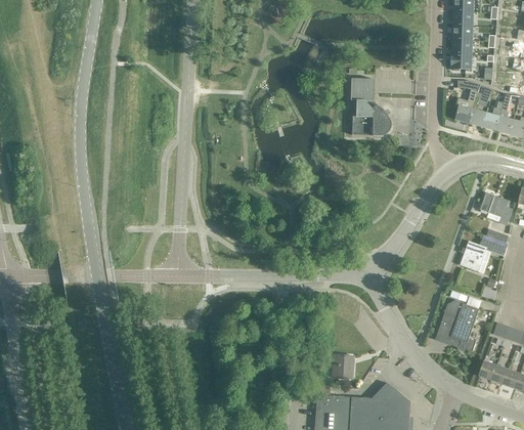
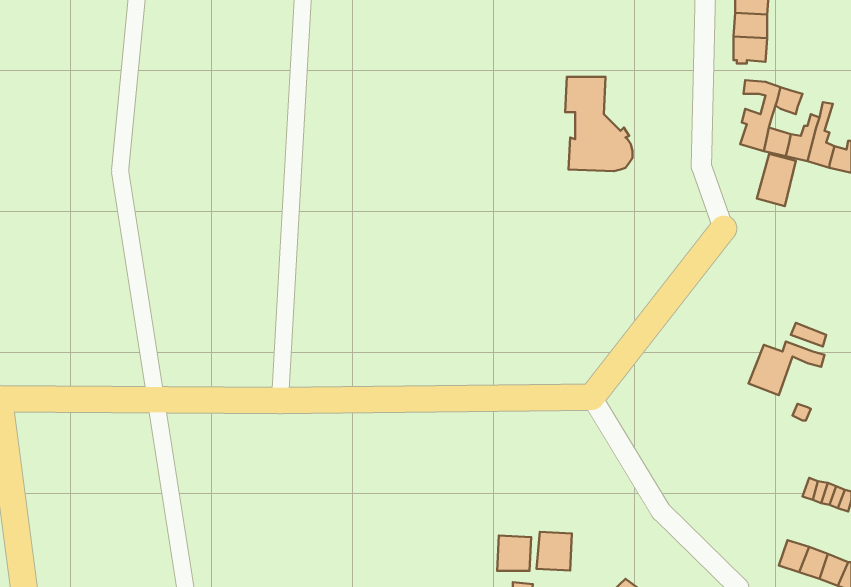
building: none -> [757,154,796,206]
building: [481,192,513,226] -> none
building: [437,302,479,352] -> none
building: none -> [497,535,531,571]

